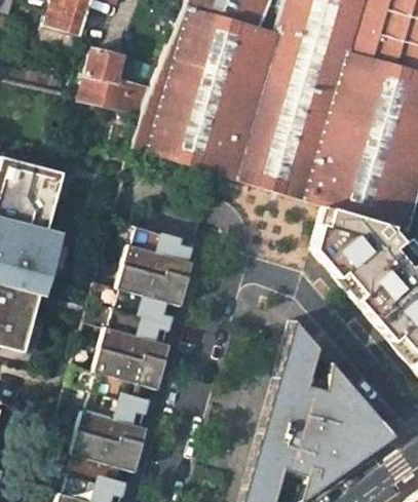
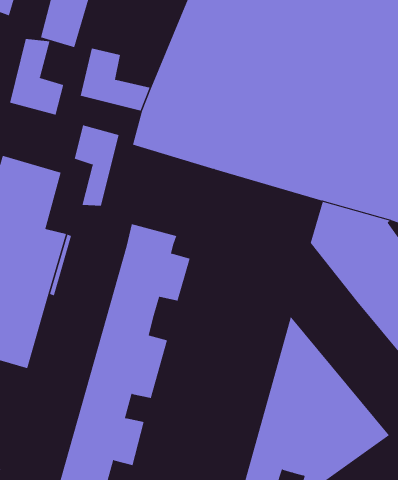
building: none -> [9,38,64,116]
building: none -> [74,125,119,207]

